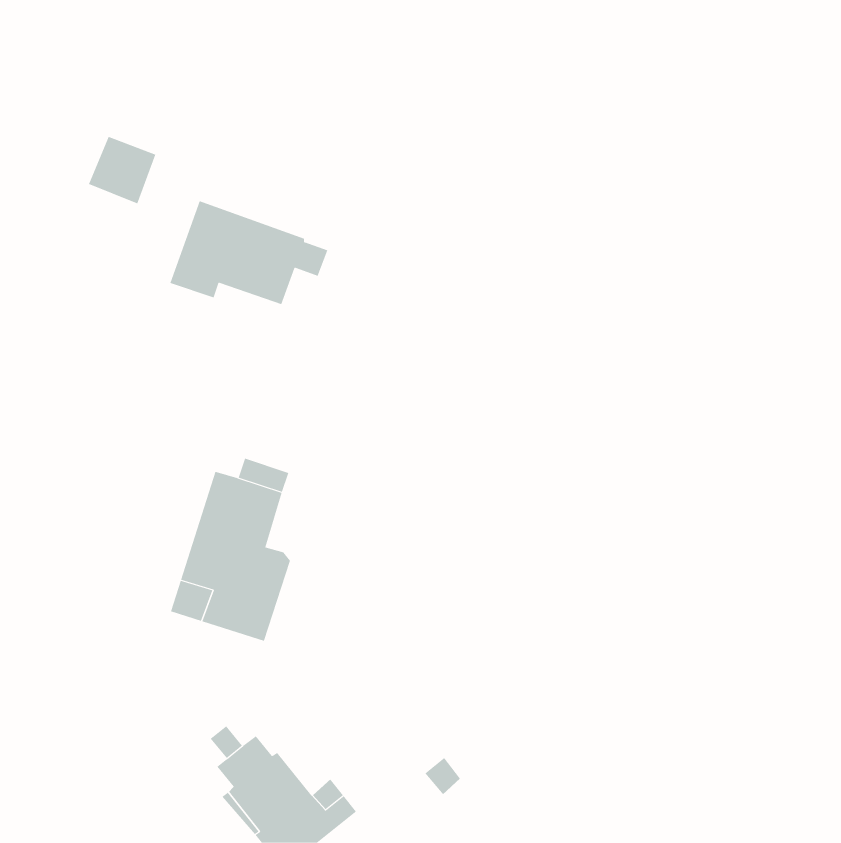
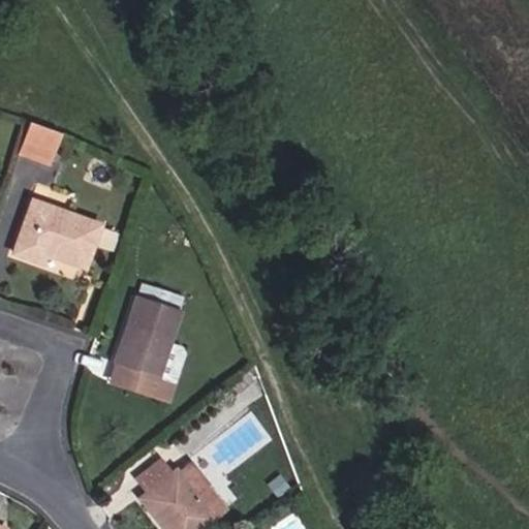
building: [88,136,156,204] -> [19,122,61,164]
building: [169,201,328,305] -> [14,200,114,266]

